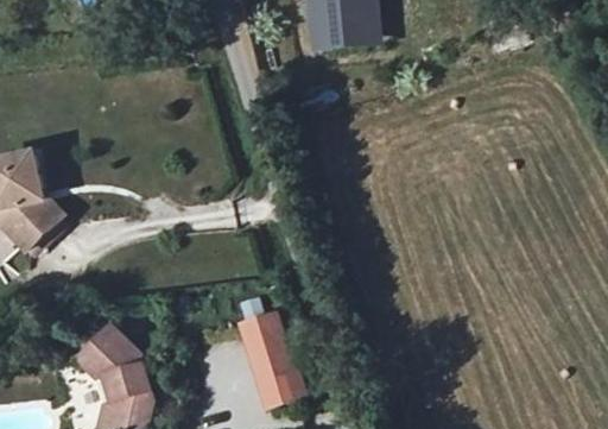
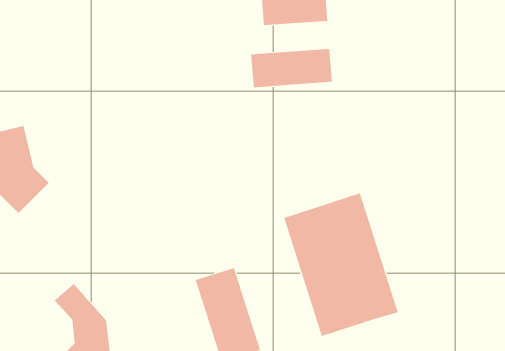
building: none -> [250,48,333,88]
building: none -> [283,192,399,337]

